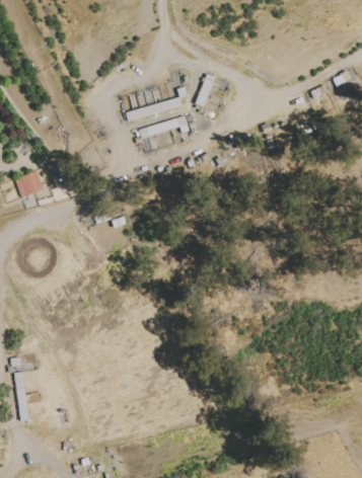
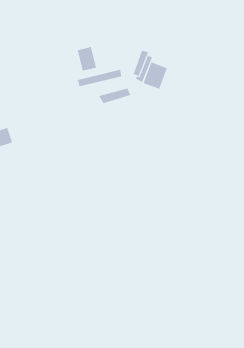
building: none -> [77,46,97,72]
building: none -> [143,62,168,90]

